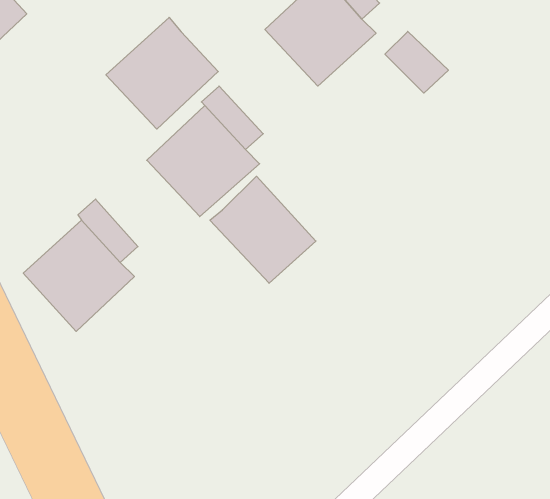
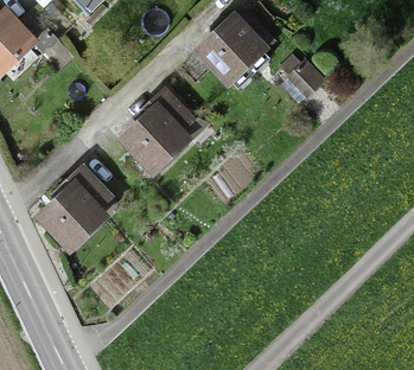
building: [106,17,218,129] -> none
building: [210,176,316,283] -> none

